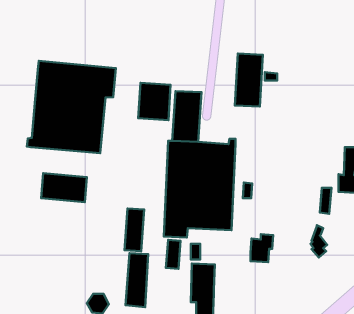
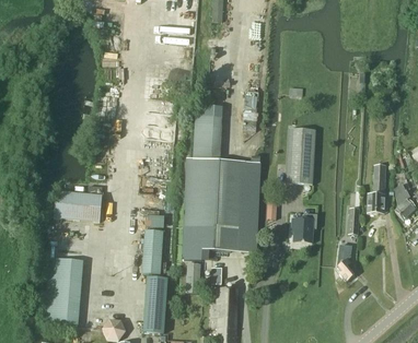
building: [235,54,263,107] -> [287,127,316,182]
building: [27,61,116,153] -> none
building: [138,83,171,120] -> none
building: [250,234,273,262] -> [293,212,317,241]
building: none -> [45,256,83,324]

